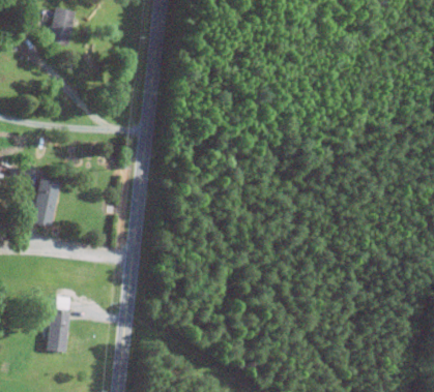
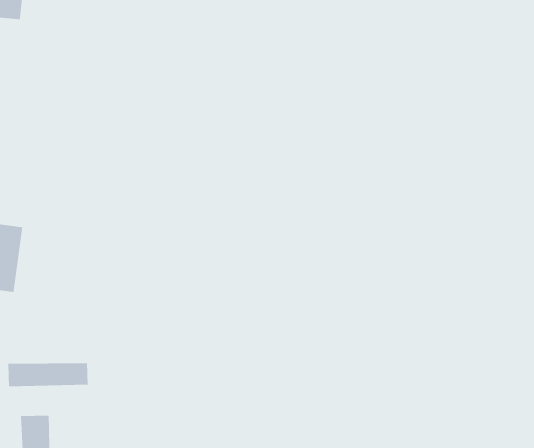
building: none -> [7,363,89,387]

